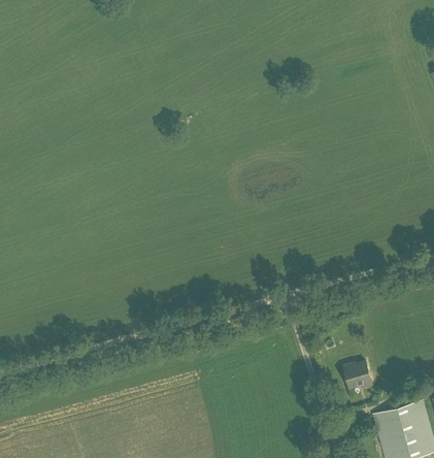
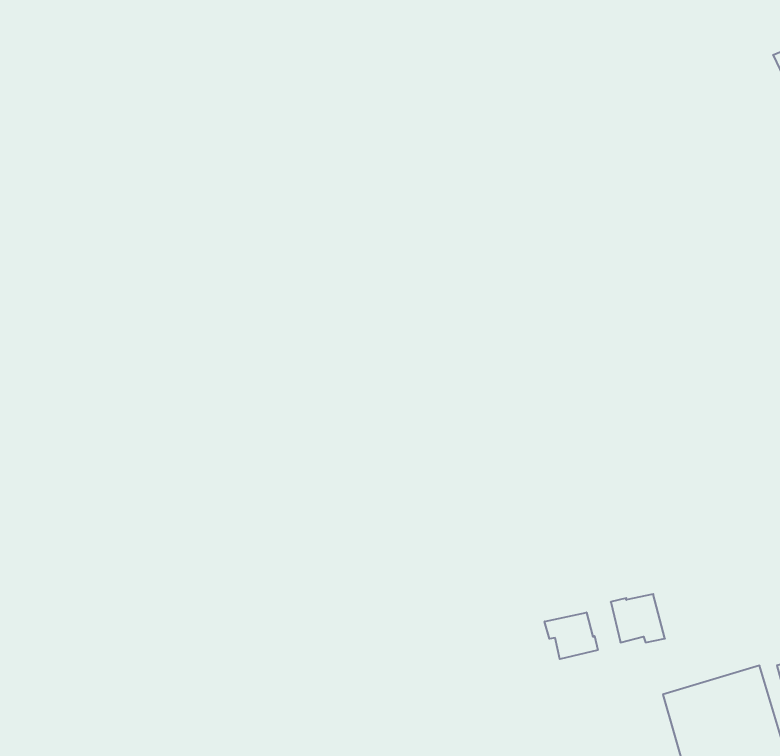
building: none -> [545,612,598,659]

